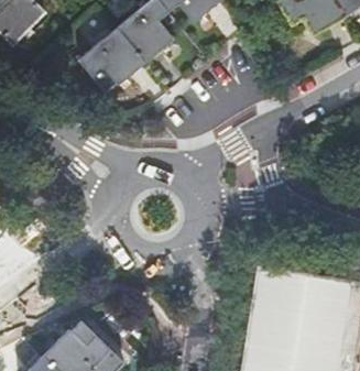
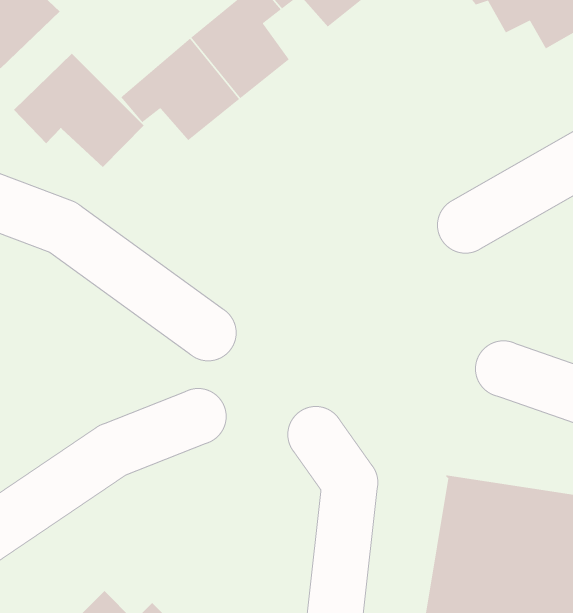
building: none -> [13,53,145,168]

